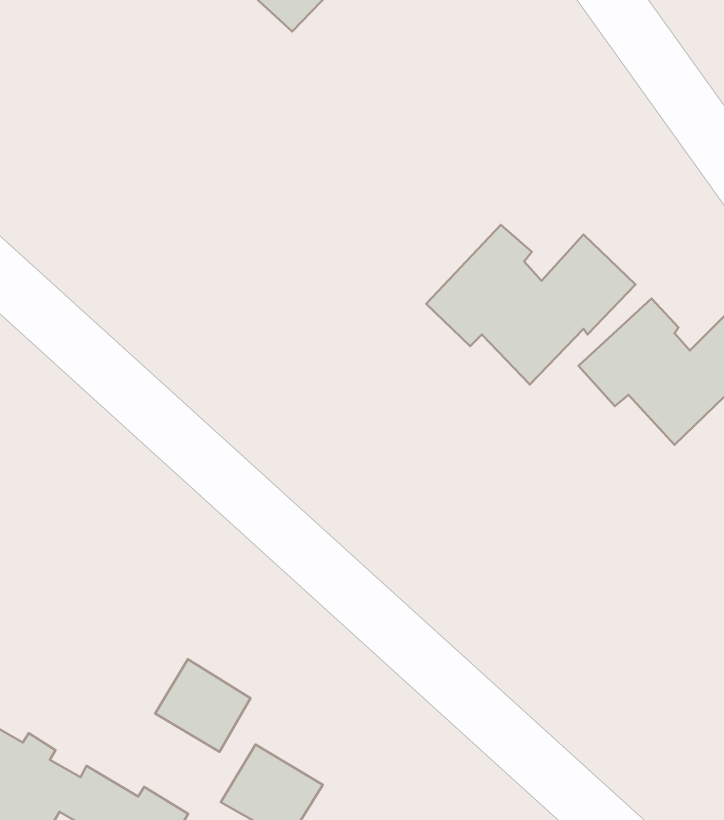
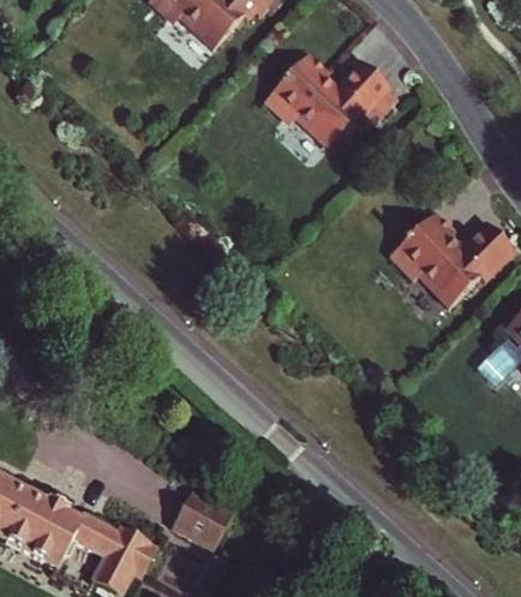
building: [426,225,636,384] -> [259,52,390,151]
building: [155,659,250,752] -> none

